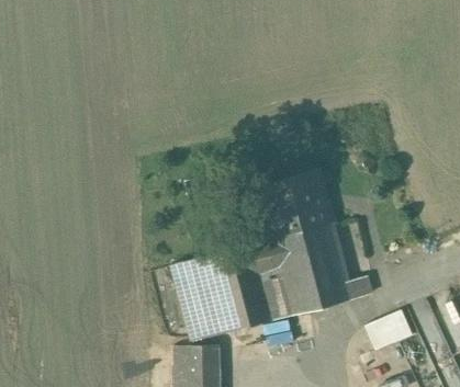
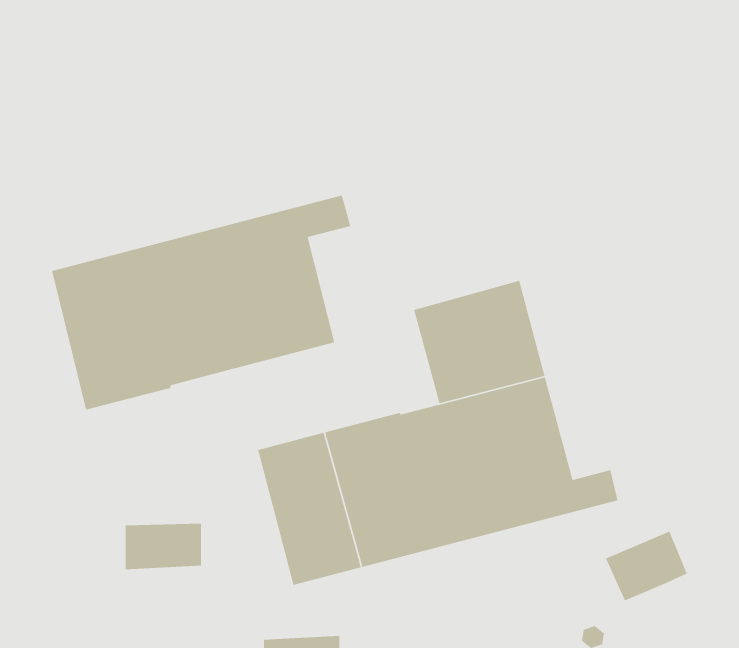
building: none -> [51,195,351,411]
building: [176,344,218,371] -> [125,523,202,570]

